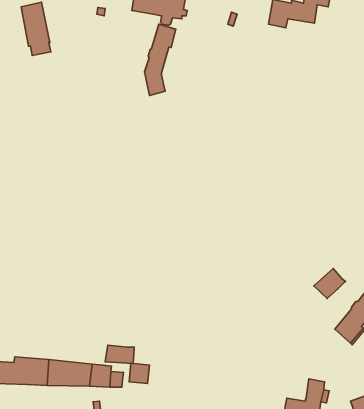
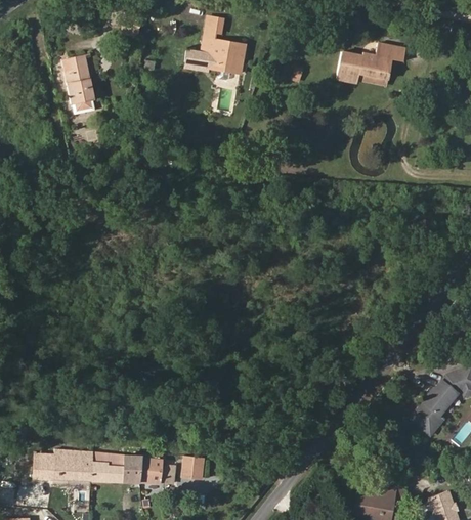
building: [145,24,176,96] -> none
building: [314,268,345,299] -> none
building: [105,345,134,363] -> none

